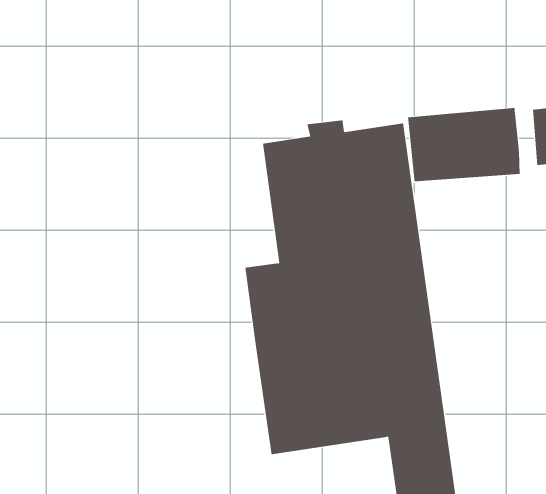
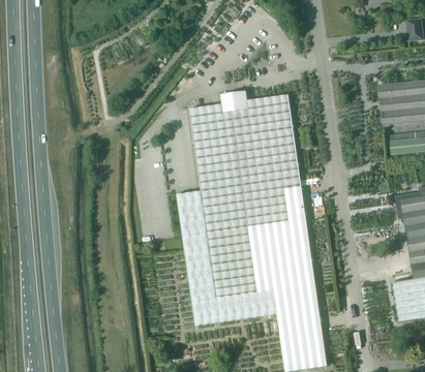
building: [408,107,520,182] -> none

